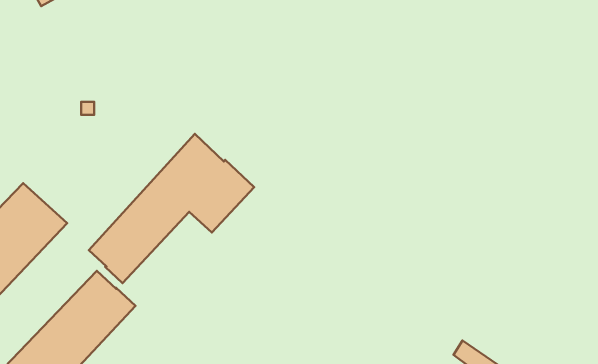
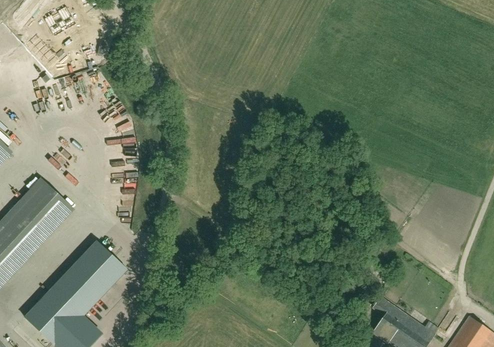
building: [89,134,254,283] -> none

